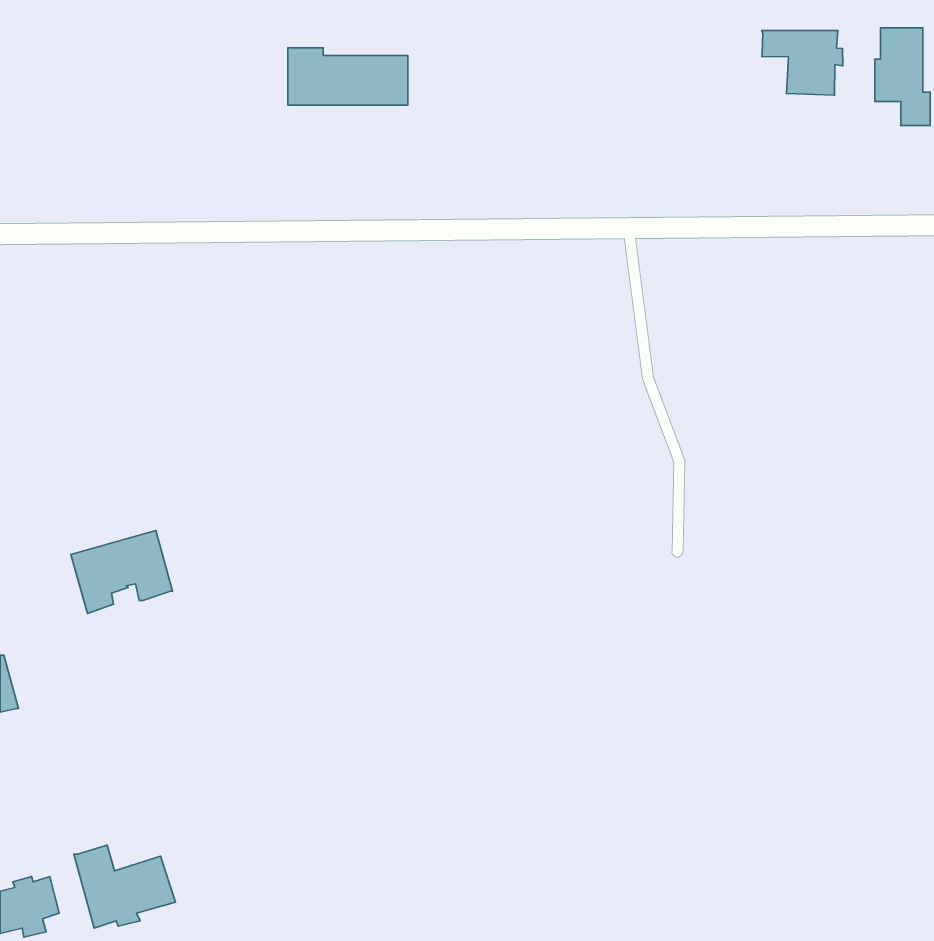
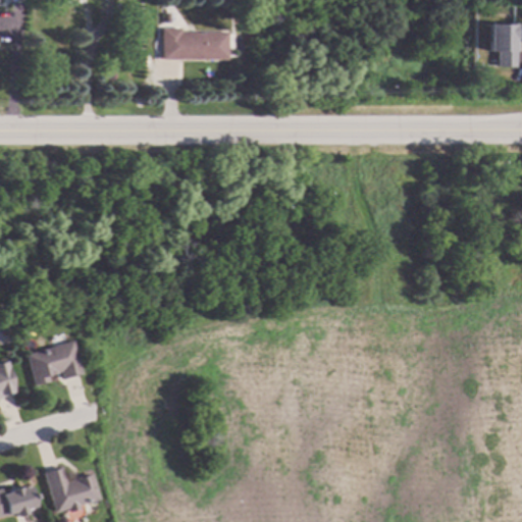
building: [762,30,843,95] -> none
building: [71,530,172,613] -> [27,341,83,386]

